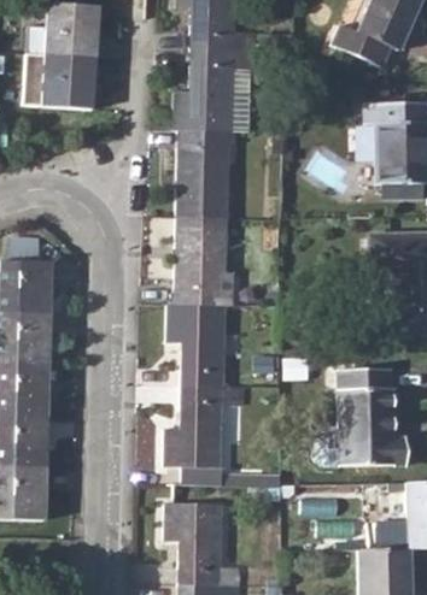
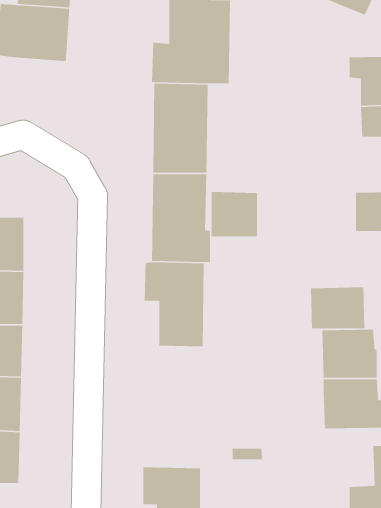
building: none -> [211,191,258,237]
building: none -> [310,287,365,329]
building: [164,385,241,483] -> none

